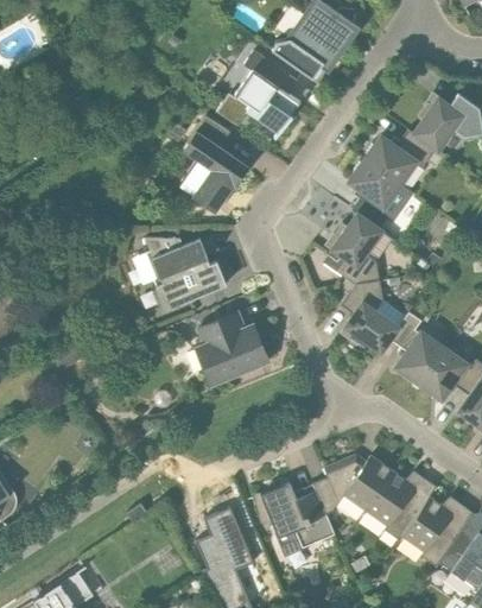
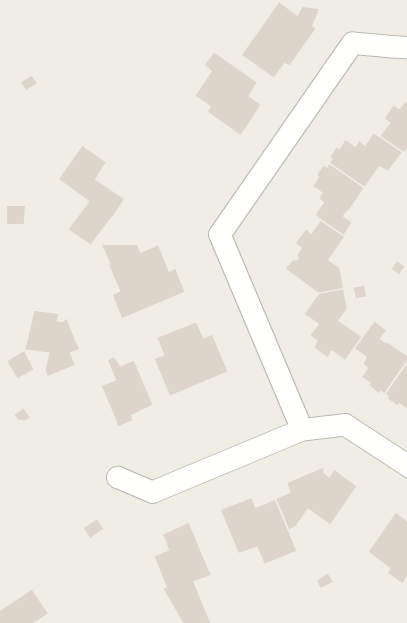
building: [183,114,248,211] -> [58,145,125,246]
building: none -> [25,310,80,377]
building: none -> [96,356,154,428]
building: [367,471,424,540] -> none

